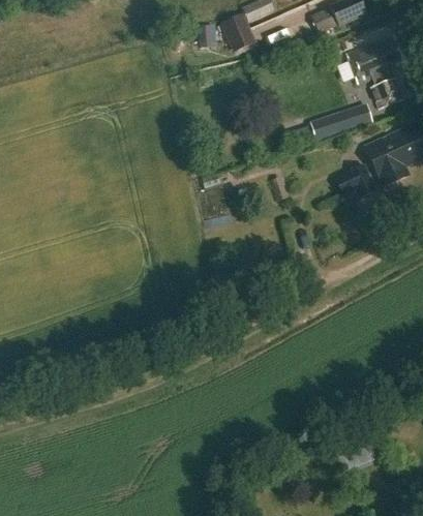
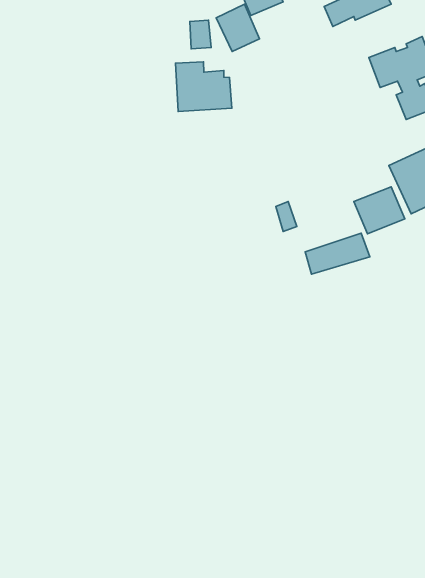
building: none -> [175,62,232,112]
building: [312,104,366,139] -> [305,233,370,274]

